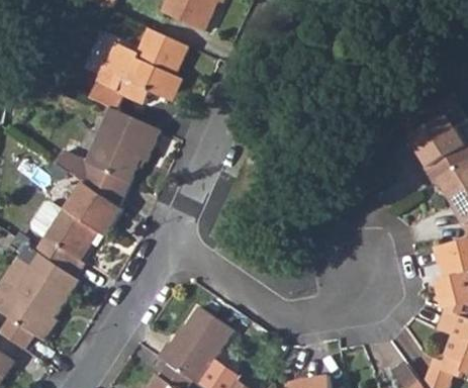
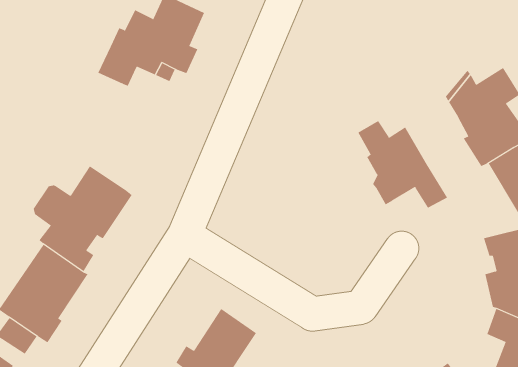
building: [77,108,158,203] -> none
building: none -> [358,120,448,208]

